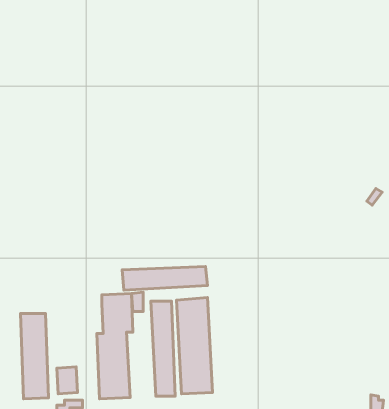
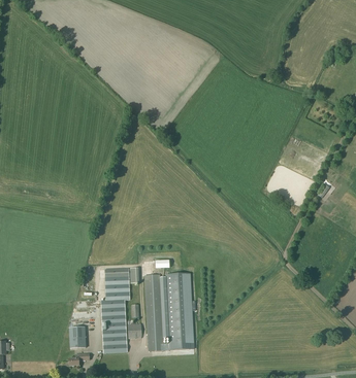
building: [122,266,207,290] -> none
building: [21,313,48,399] -> none

